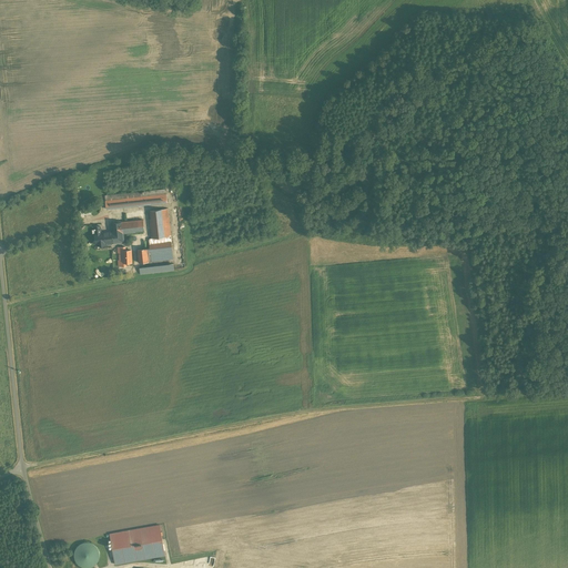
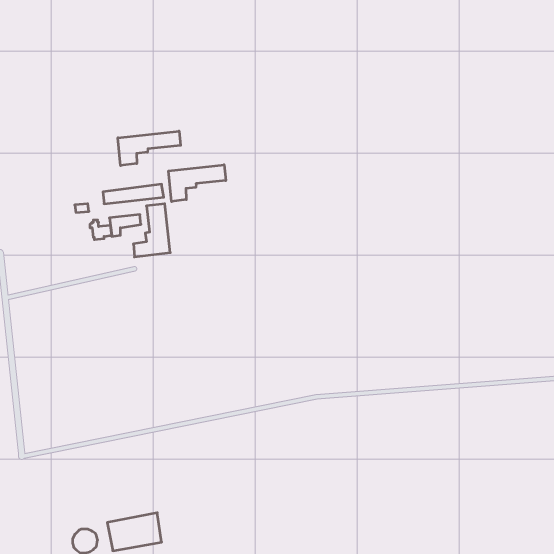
building: none -> [118,131,181,166]
building: none -> [169,165,226,202]

